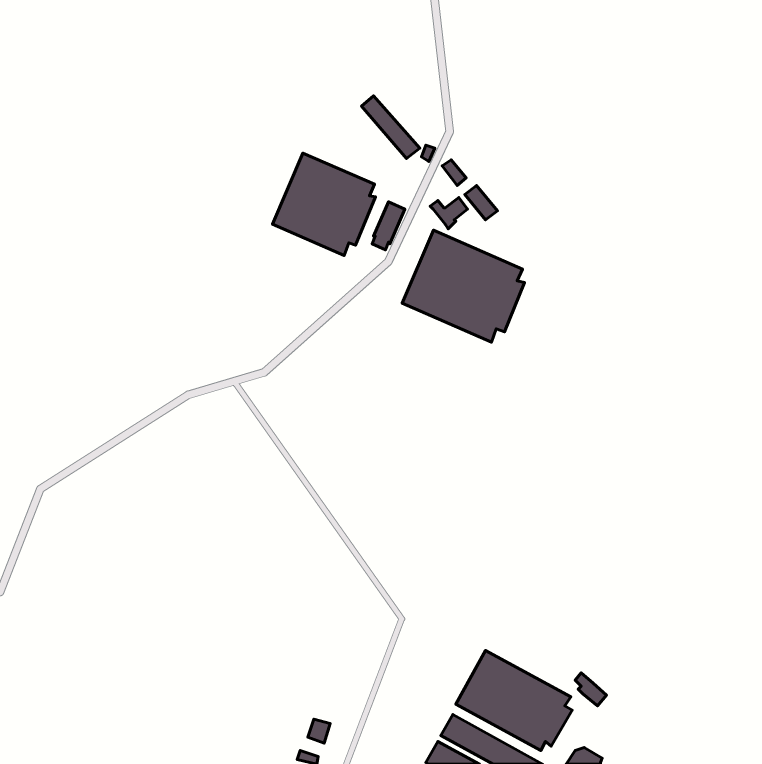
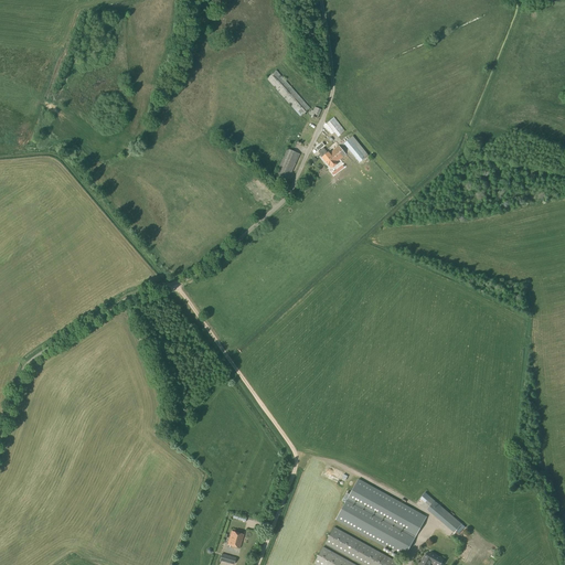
building: [273,153,375,255] -> none
building: [402,230,525,342] -> none

